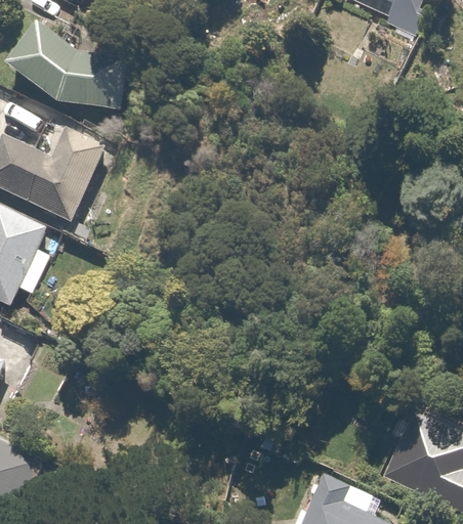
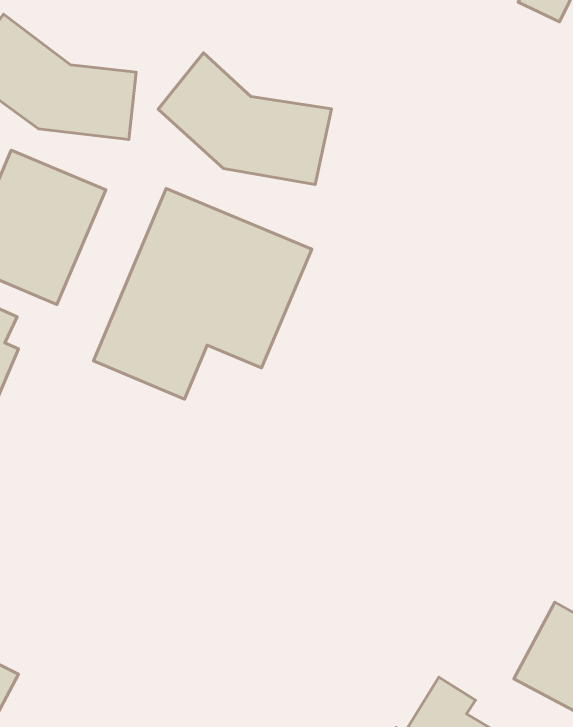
building: none -> [158,53,331,184]
building: none -> [93,189,312,399]

